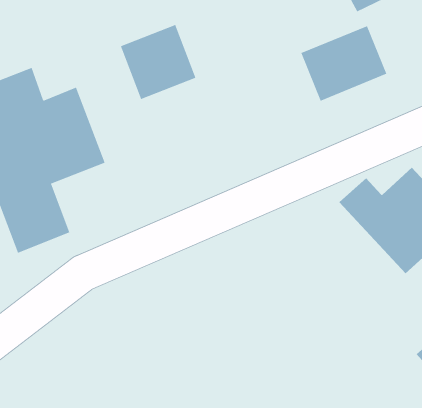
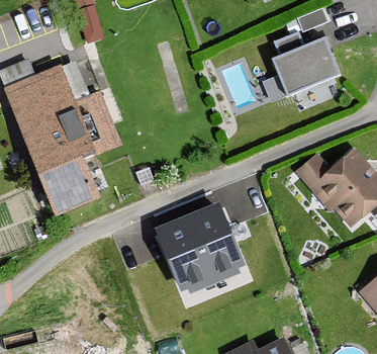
building: [120,24,196,100] -> none
building: none -> [163,205,244,286]

